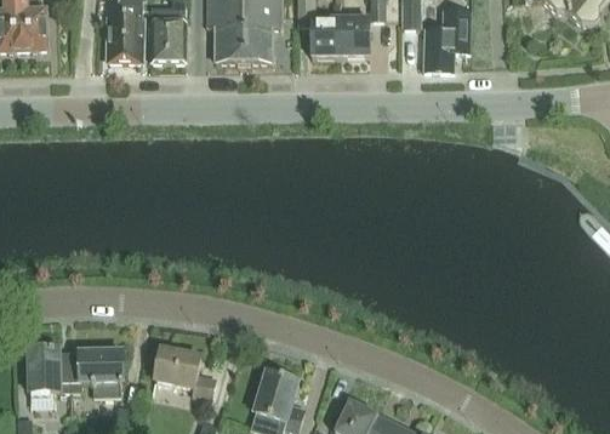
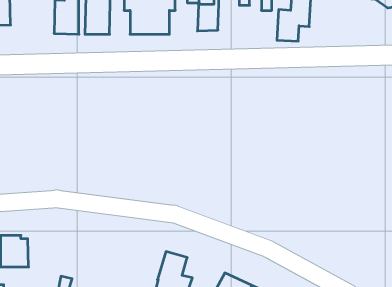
building: [340,18,370,55] -> none
building: [154,348,216,399] -> none
building: [69,350,124,395] -> none

